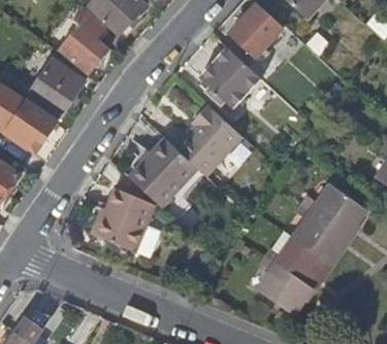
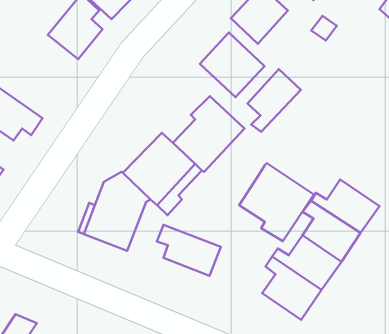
building: [26,62,85,122] -> none
building: none -> [248,69,301,132]
building: none -> [239,163,314,241]
building: none -> [157,225,221,276]

